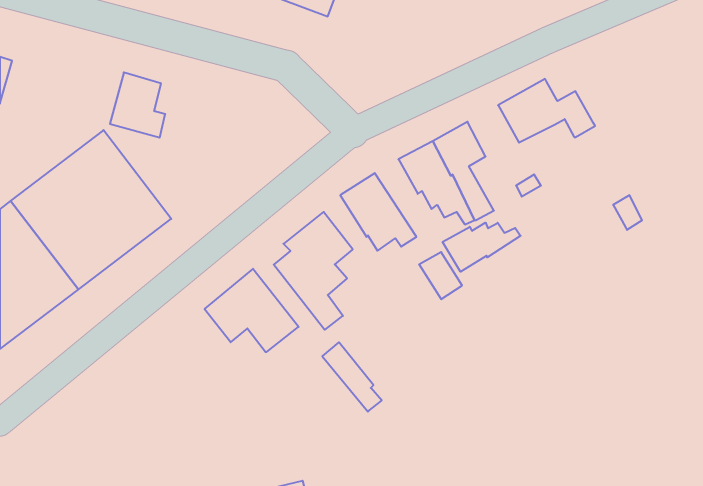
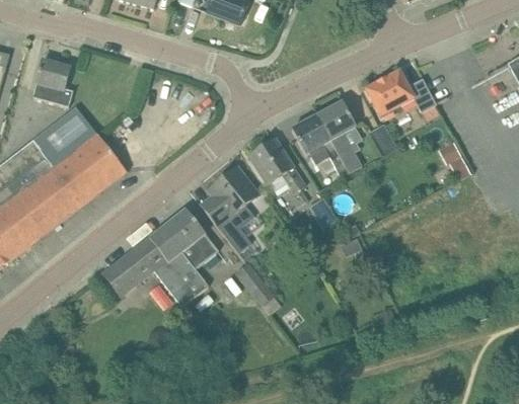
building: [110,72,165,138] -> [32,59,73,106]
building: [443,223,521,272] -> none
building: none -> [104,237,209,306]

